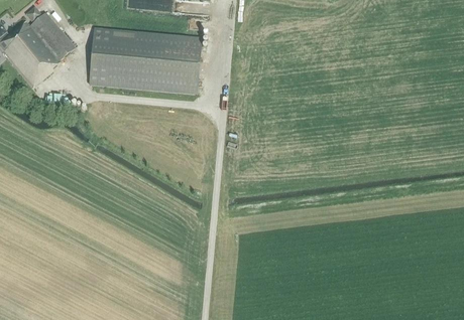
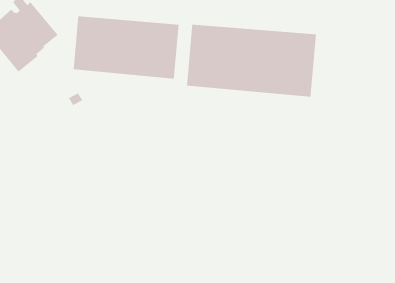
building: none -> [186,24,316,97]

